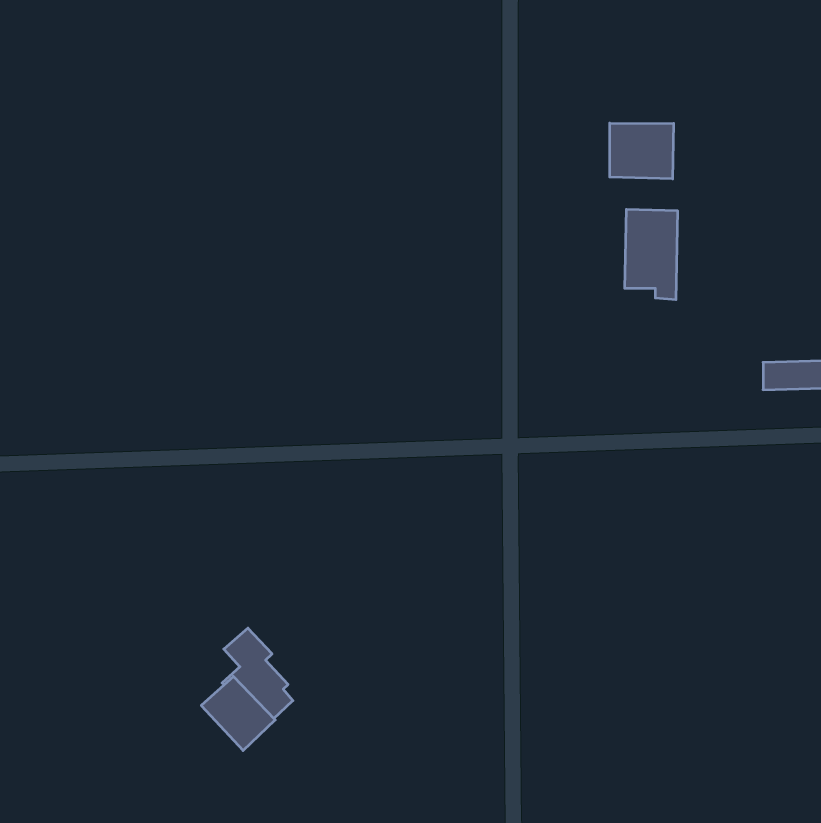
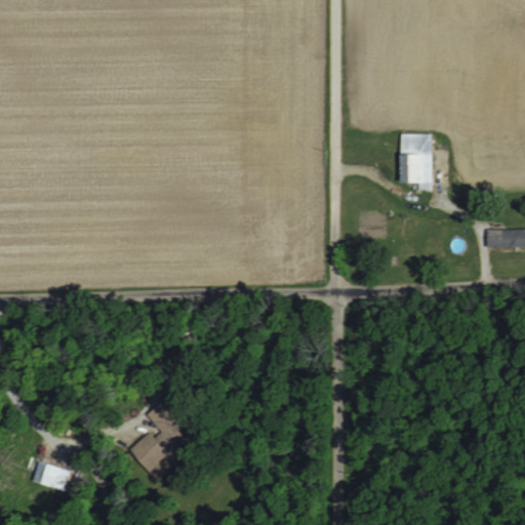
building: [610,123,674,179] -> none
building: none -> [39,461,69,488]

